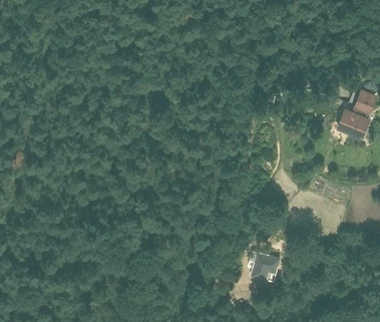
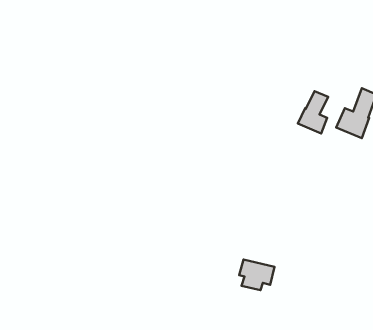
building: none -> [298,91,328,133]

